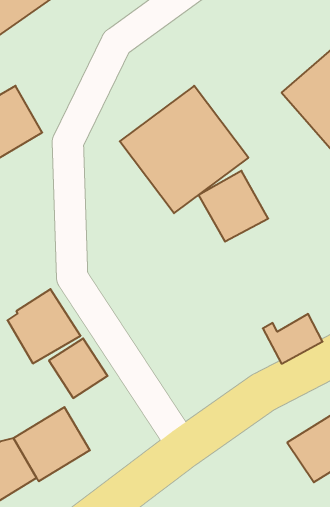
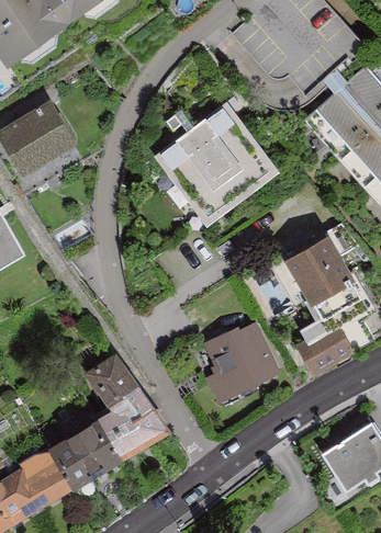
building: [198,171,268,242] -> [284,238,354,308]
building: [7,289,81,363] -> [98,388,170,462]
building: none -> [202,319,280,400]

